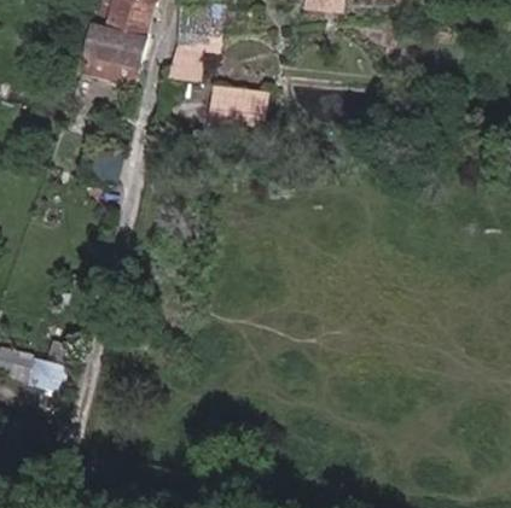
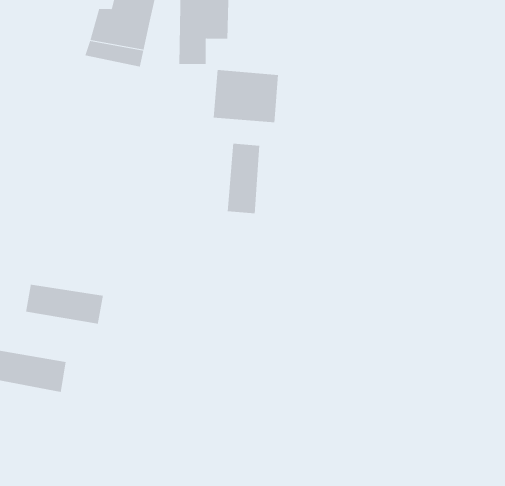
building: none -> [227,143,260,214]
building: none -> [26,284,103,325]

